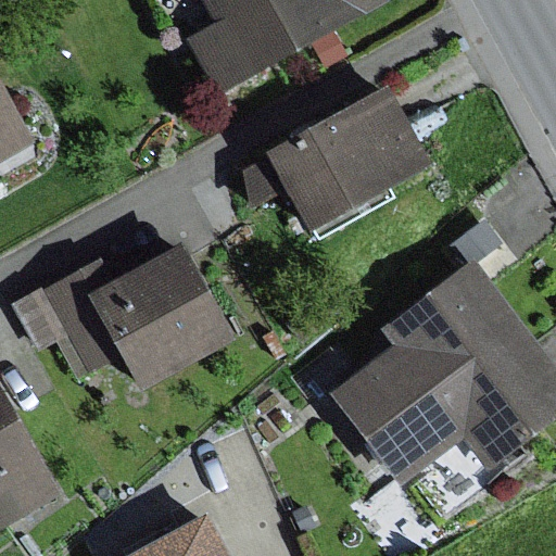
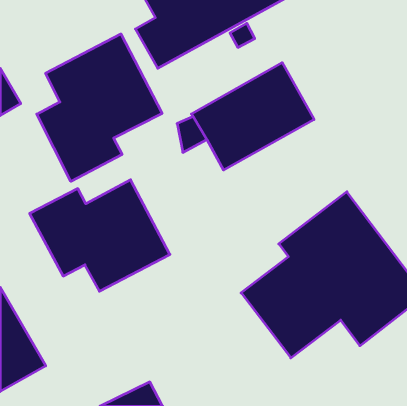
building: none -> [37,34,162,181]

